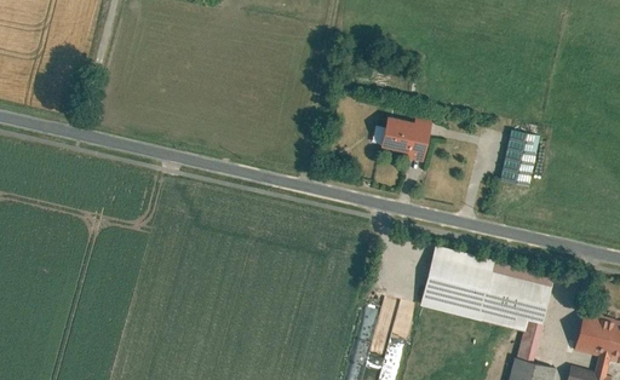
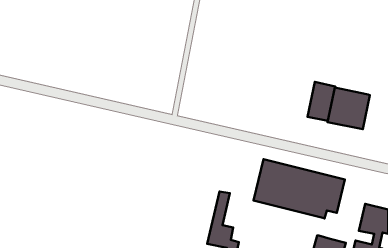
building: [380,116,432,165] -> none
building: none -> [327,87,370,129]
building: [516,322,542,364] -> none

